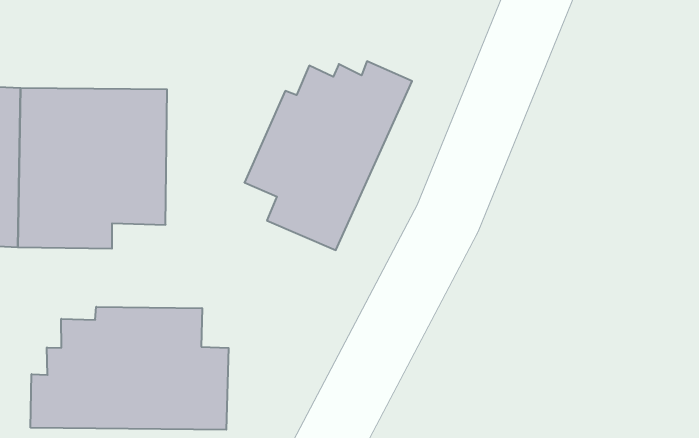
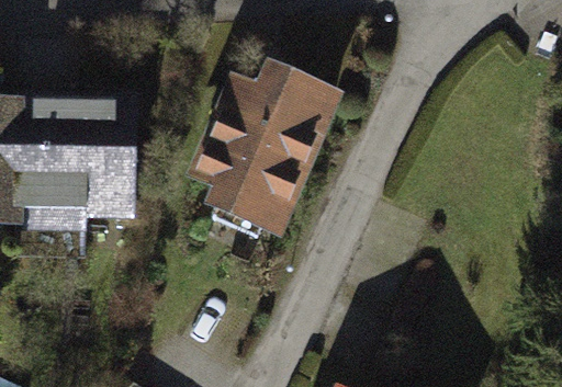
building: [31,307,229,430] -> none

